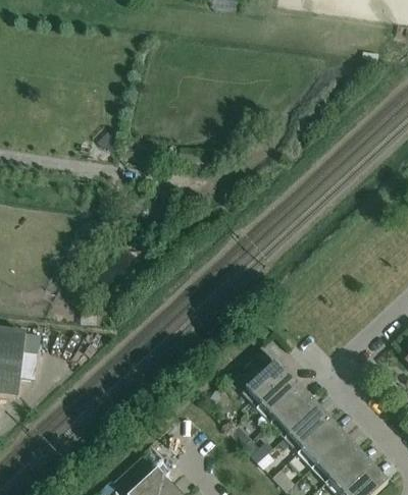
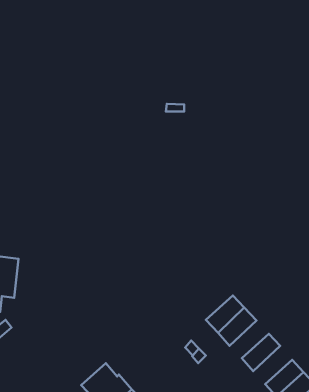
building: [244,360,291,404] -> none
building: [287,405,333,449] -> none
building: [314,435,360,480] -> none

